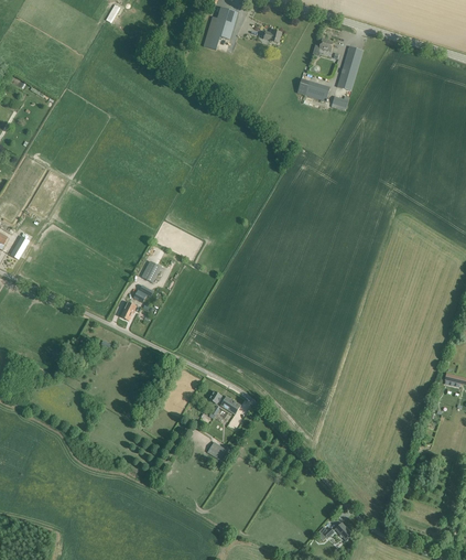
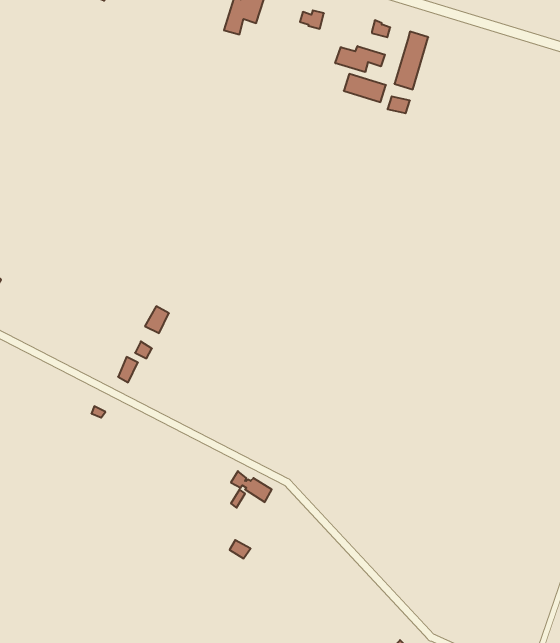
building: none -> [335,46,385,72]

